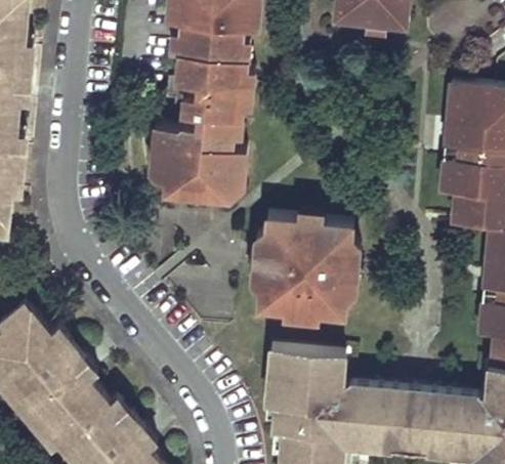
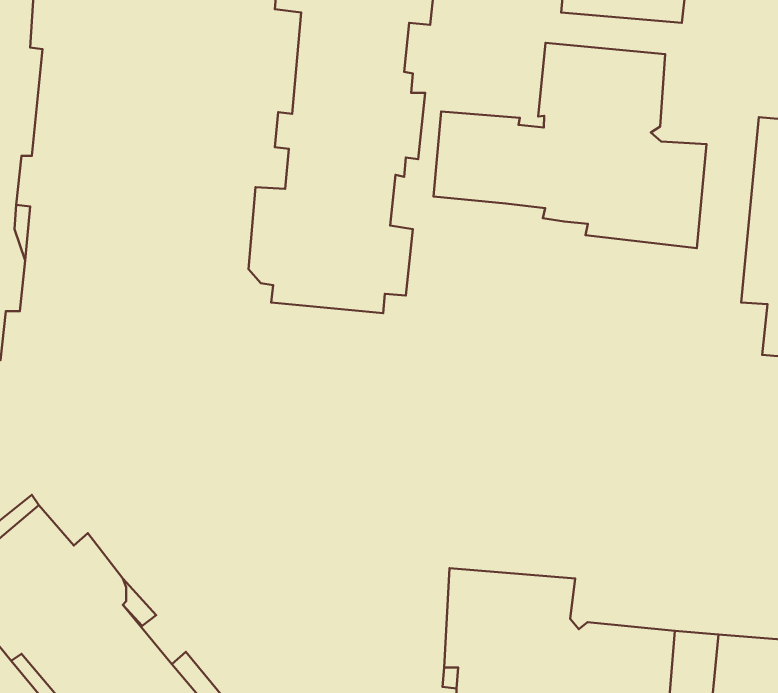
building: none -> [433,43,707,248]
building: [254,220,361,326] -> none

